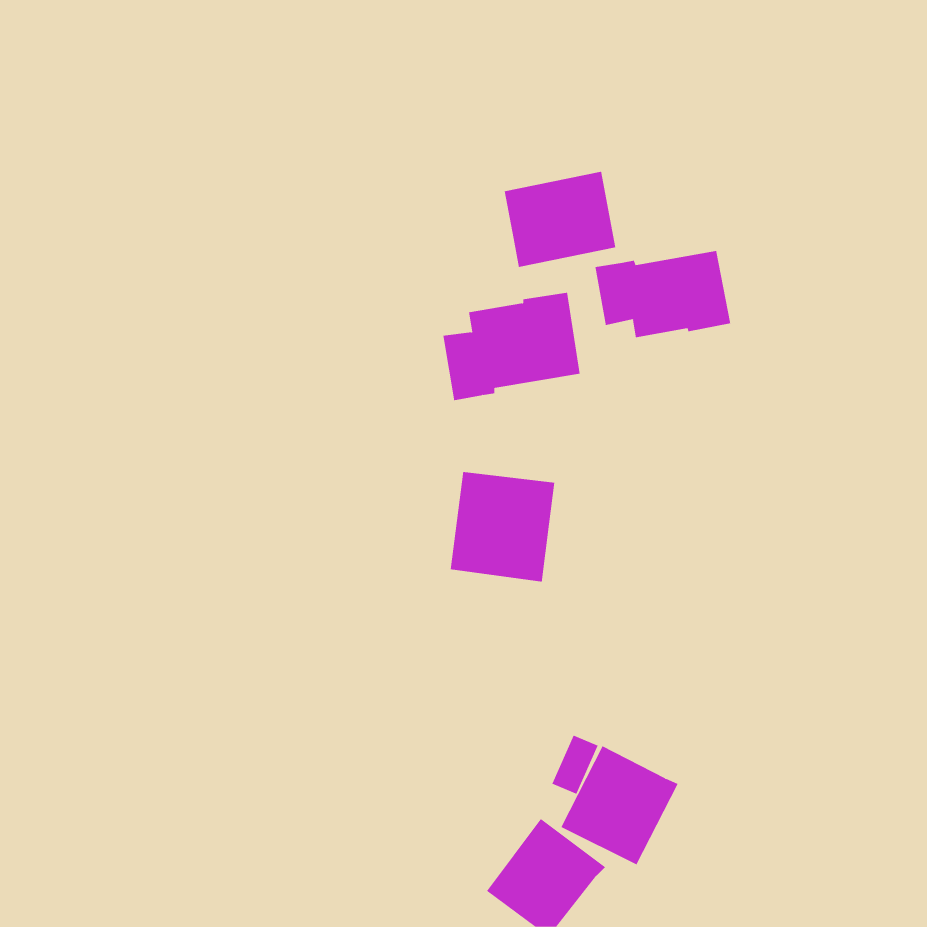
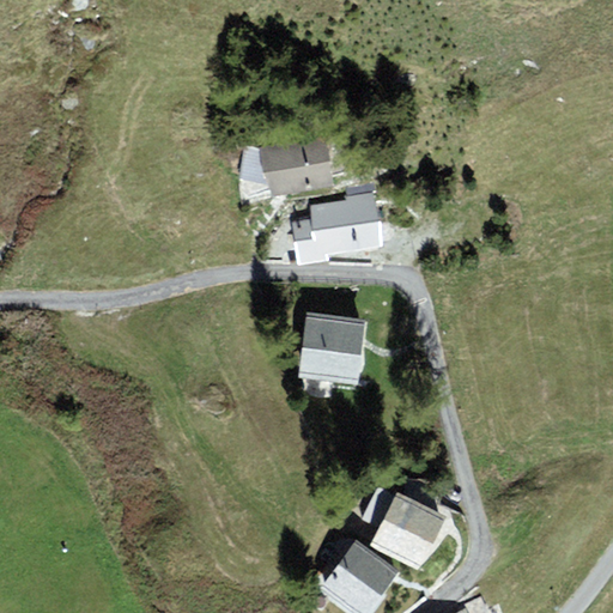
building: [504,171,616,267] -> [261,135,335,199]
building: [595,250,731,338] -> none

